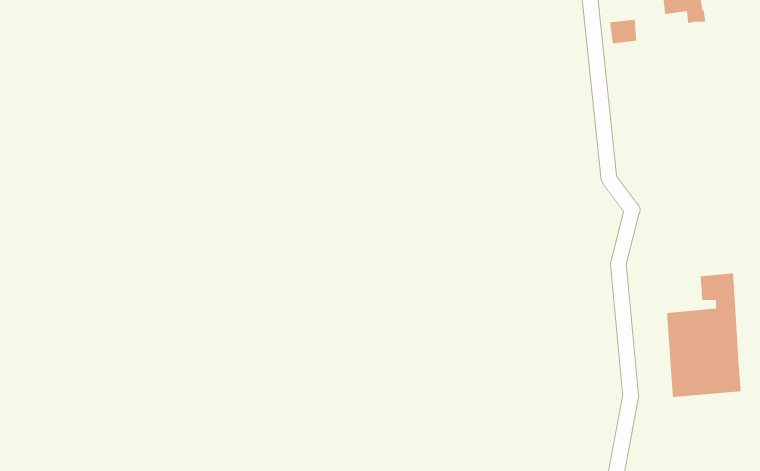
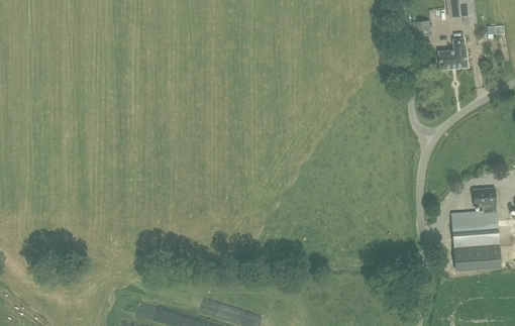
building: none -> [438,37,468,69]

